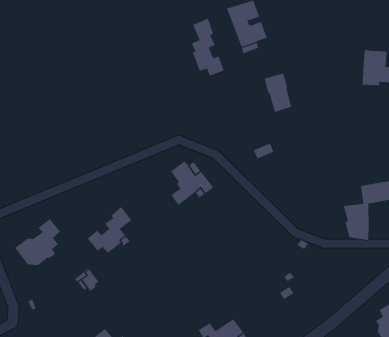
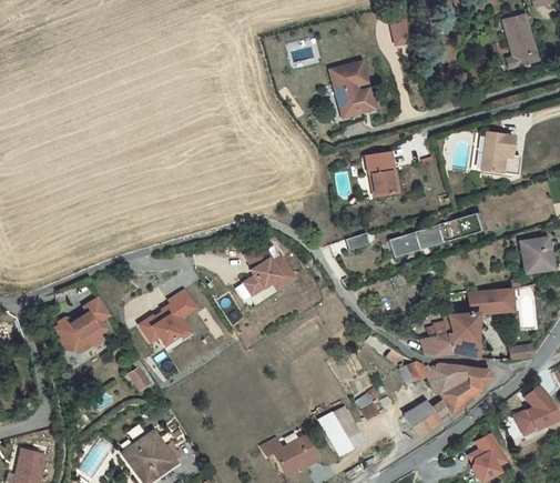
building: [191,18,225,76] -> none
building: none -> [388,211,480,258]
building: none -> [420,322,449,354]
building: none -> [399,360,490,436]
building: none -> [319,406,362,454]

